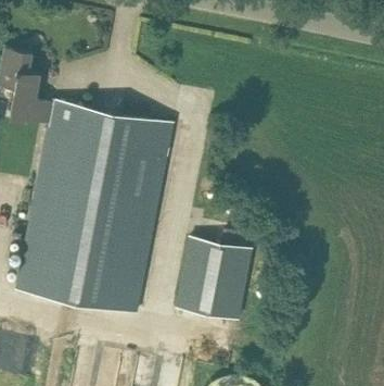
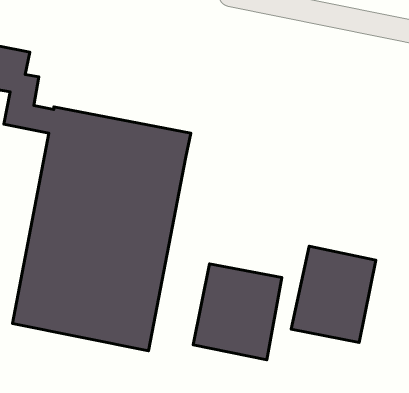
building: none -> [291,246,376,343]

